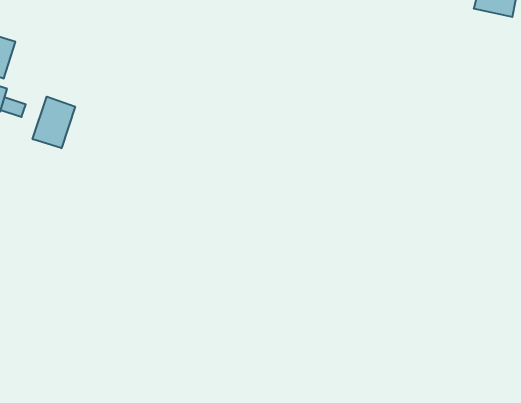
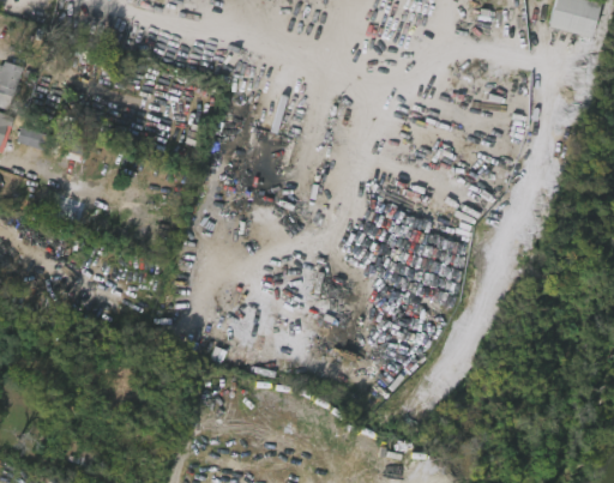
building: [33,97,75,148] -> none

